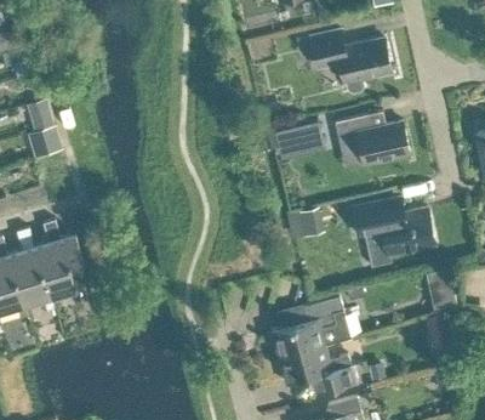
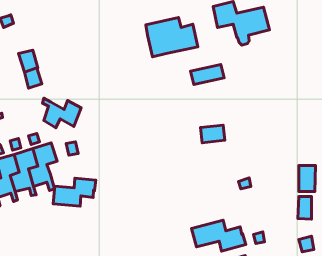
building: [333,112,409,169] -> [146,17,198,57]
building: none -> [43,98,81,128]
building: [352,197,434,255] -> none
building: none -> [53,178,96,206]
building: [270,297,349,358] -> none

